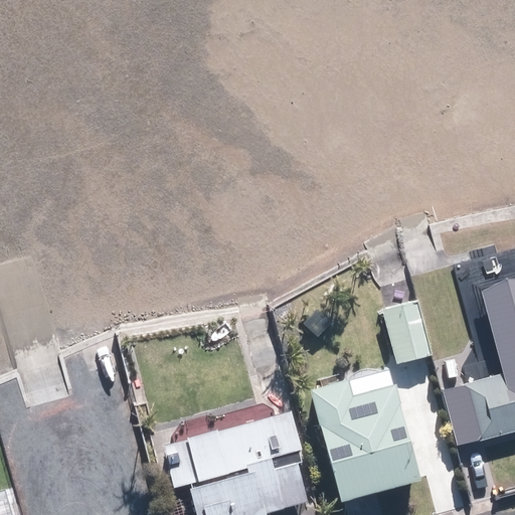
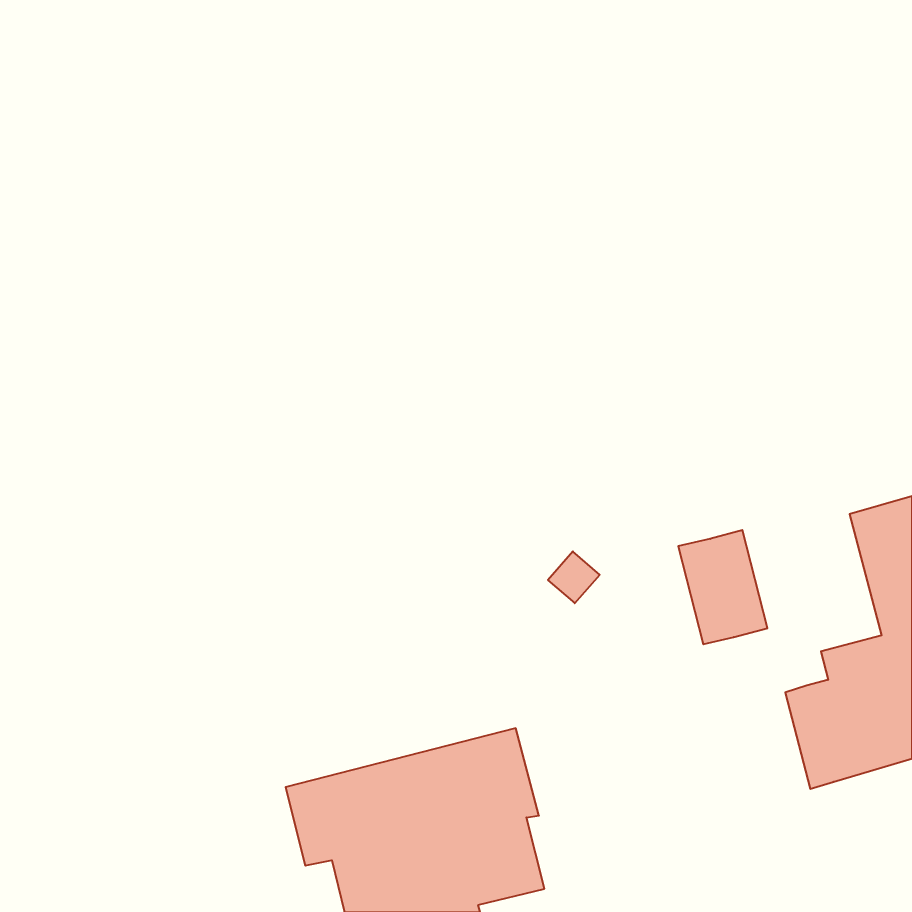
building: [323,384,434,506] -> none

